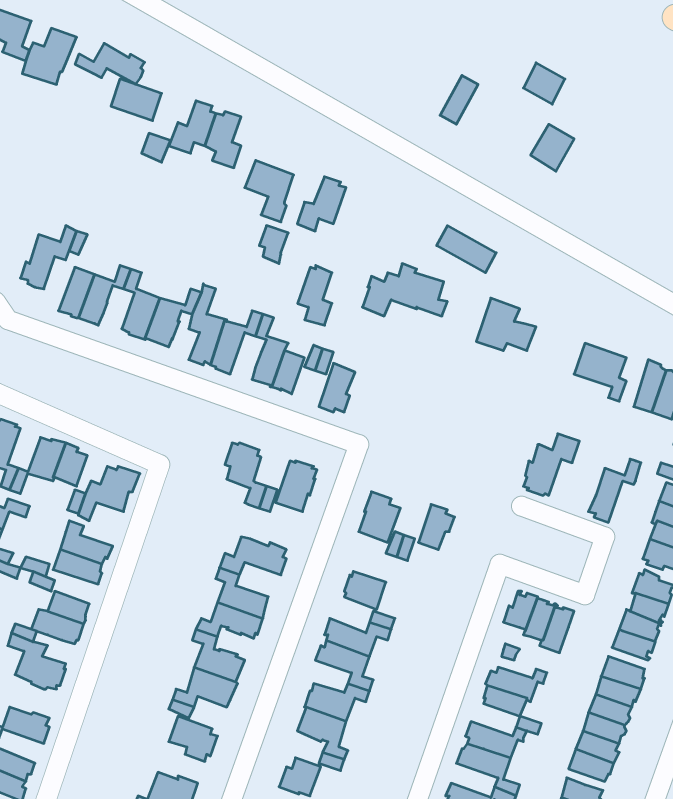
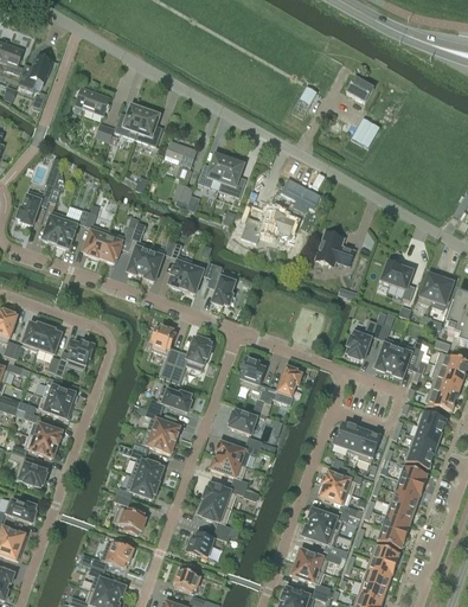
building: [75,43,145,84] -> none
building: [298,265,332,325] -> [223,156,245,196]
building: none -> [376,324,400,371]

